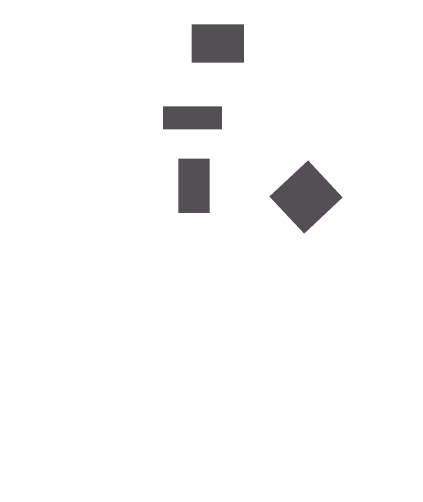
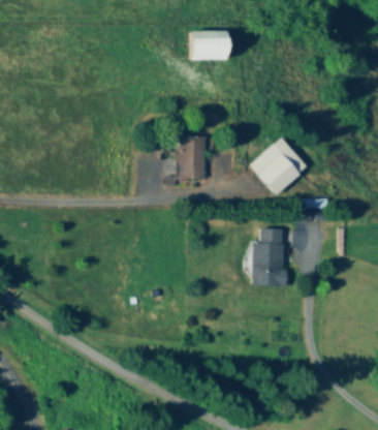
building: [162,105,223,130] -> none
building: none -> [252,228,284,286]

